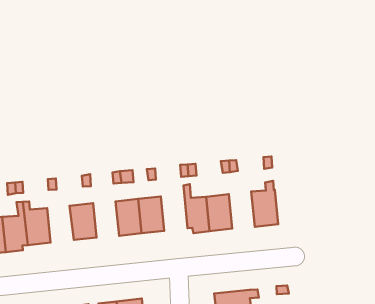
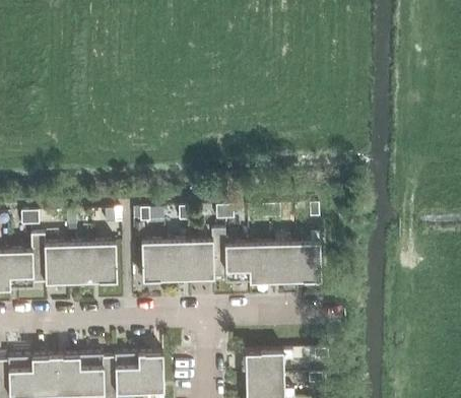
building: none -> [192,230,219,279]
building: none -> [268,243,294,282]
building: none -> [64,244,91,283]

